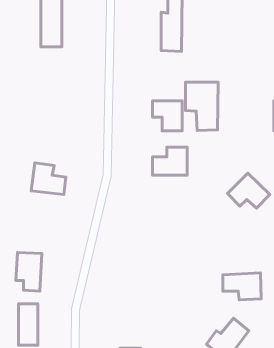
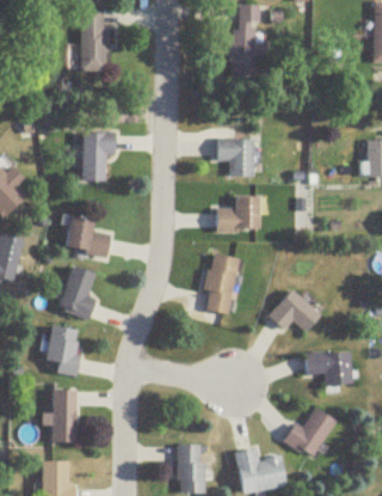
building: [185,82,218,131] -> none
building: none -> [82,133,116,179]
building: [227,173,270,208] -> [270,289,322,332]
building: none -> [204,253,240,313]
building: none -> [60,265,97,319]

